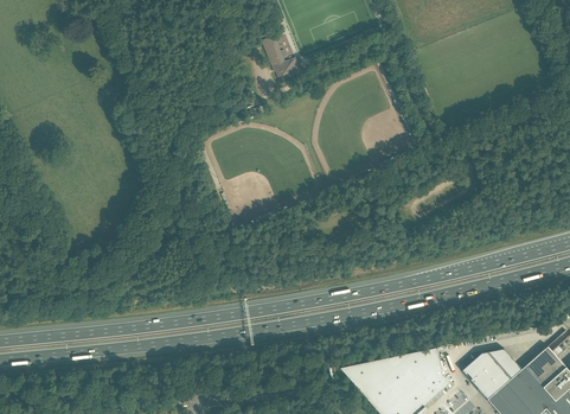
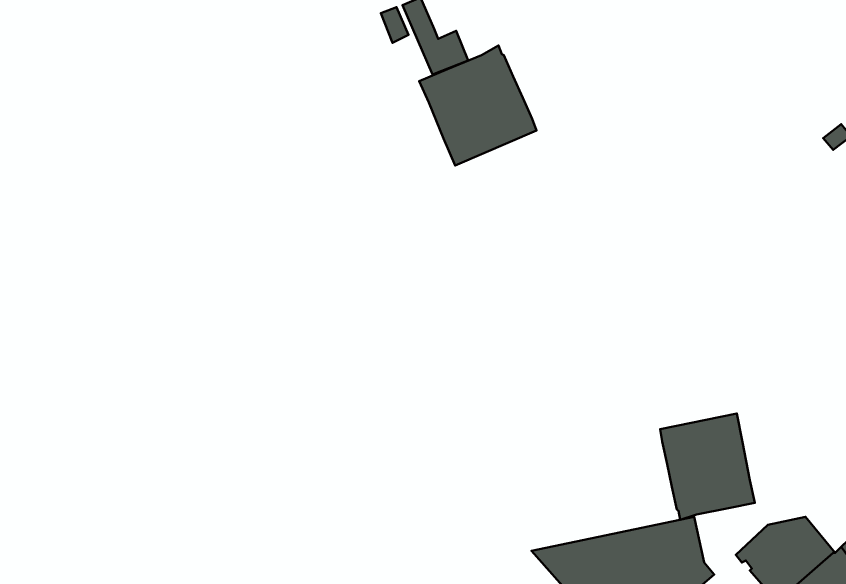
building: none -> [419,45,536,165]
building: none -> [660,413,755,520]

